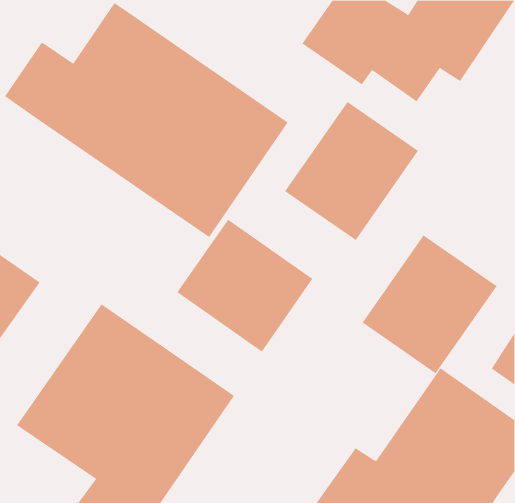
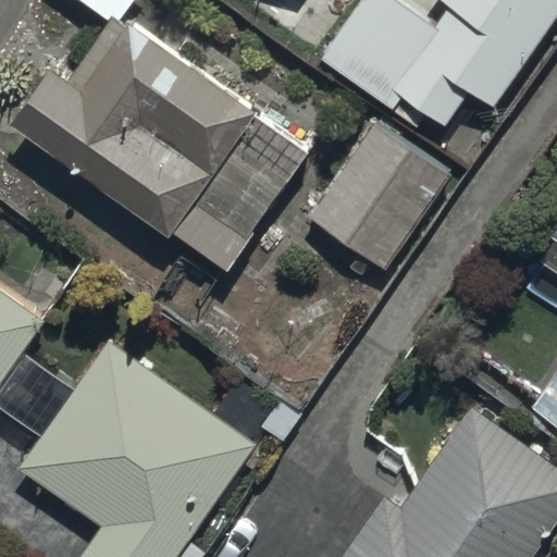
building: [177,219,313,352] -> none
building: [362,234,497,374] -> none

